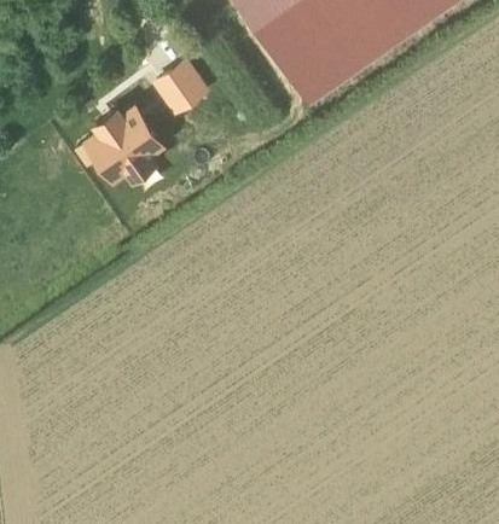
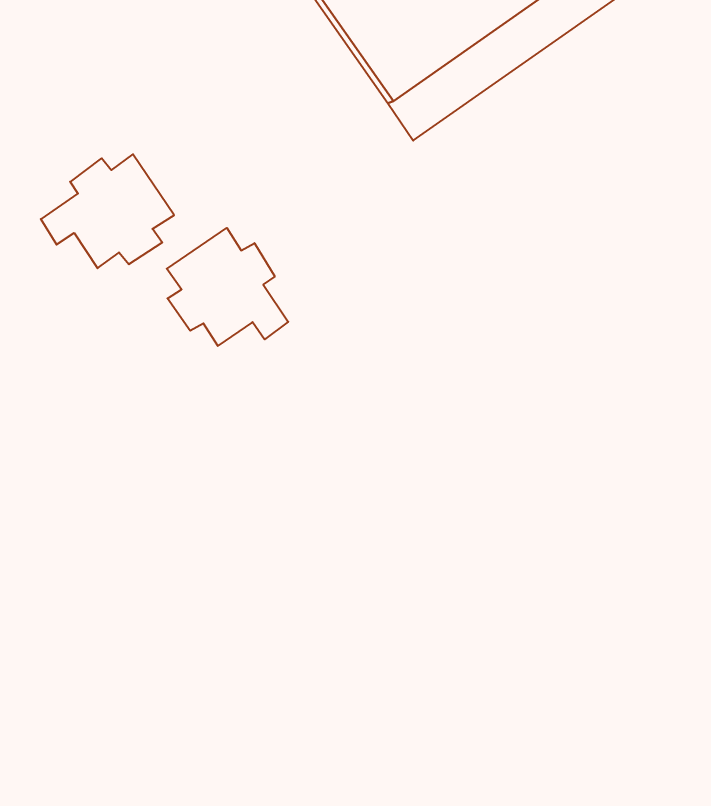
building: [156,66,203,112] -> none
building: none -> [167,228,288,346]

